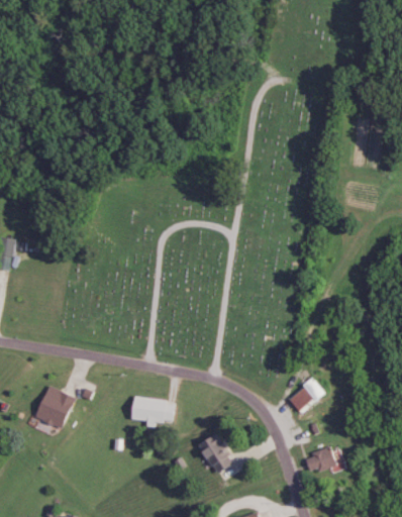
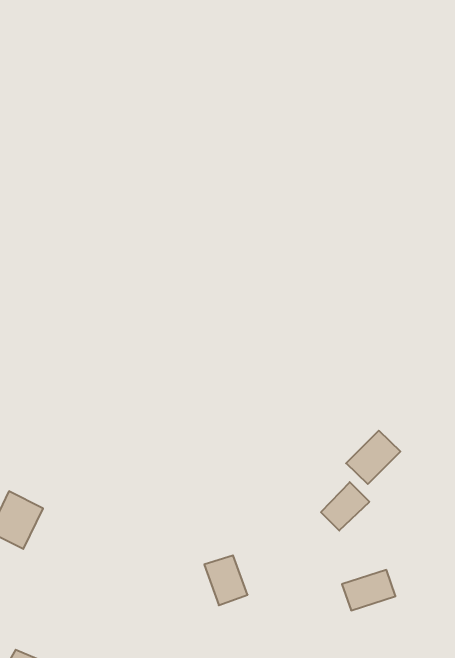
building: none -> [346,431,400,484]
building: [130,398,174,423] -> none

